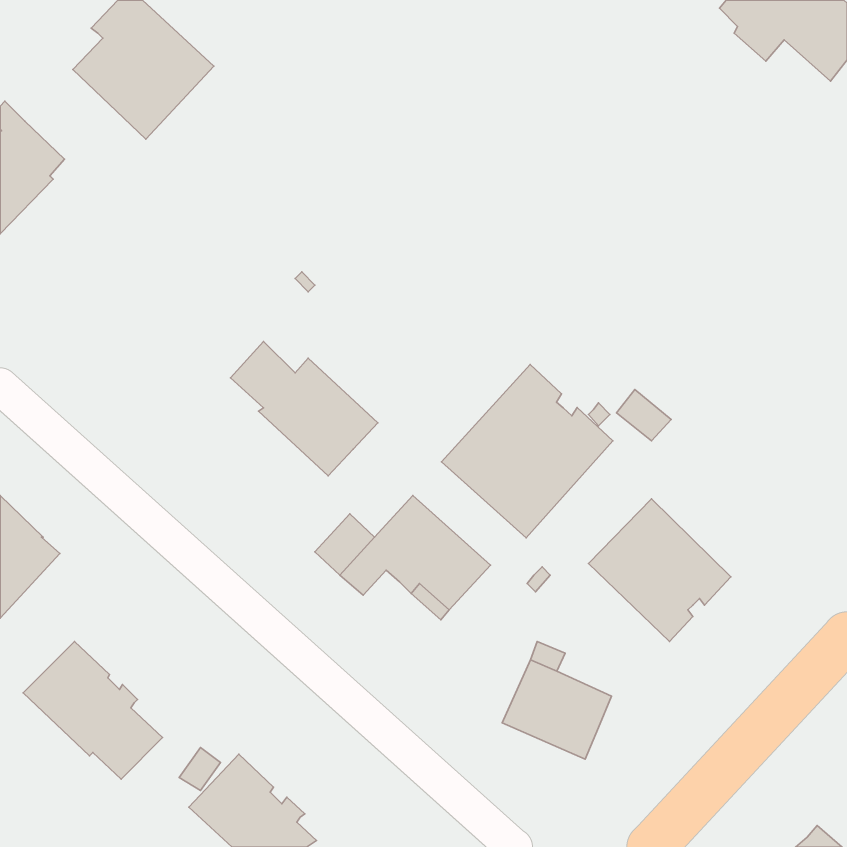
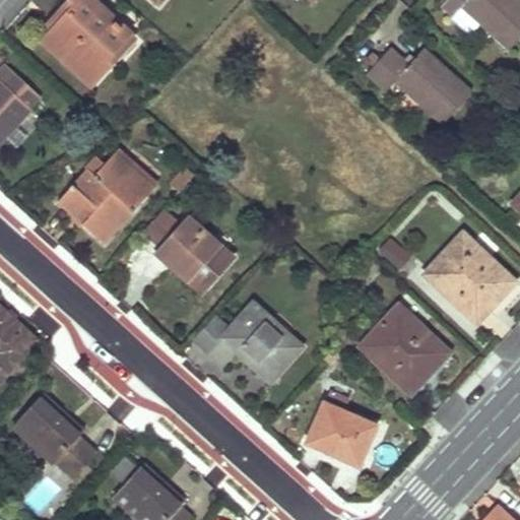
building: none -> [367,49,468,123]
building: none -> [57,153,154,244]
building: [442,365,613,538] -> none
building: none -> [426,234,513,322]

